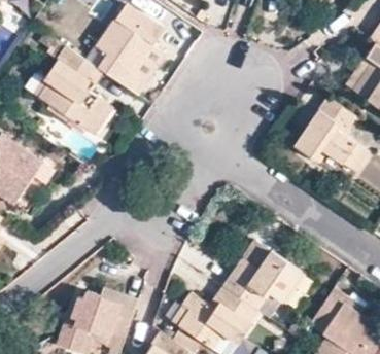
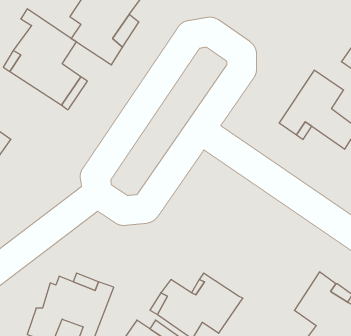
building: [222,239,301,309] -> none

